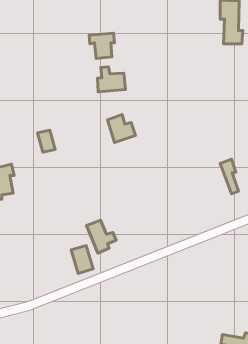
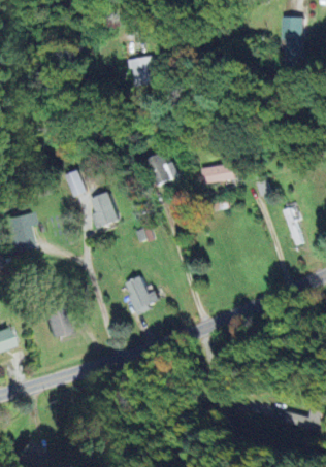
building: [97,67,126,92] -> none
building: none -> [201,165,235,184]
building: none -> [90,192,119,229]
building: [71,245,93,273] -> [45,304,71,337]

